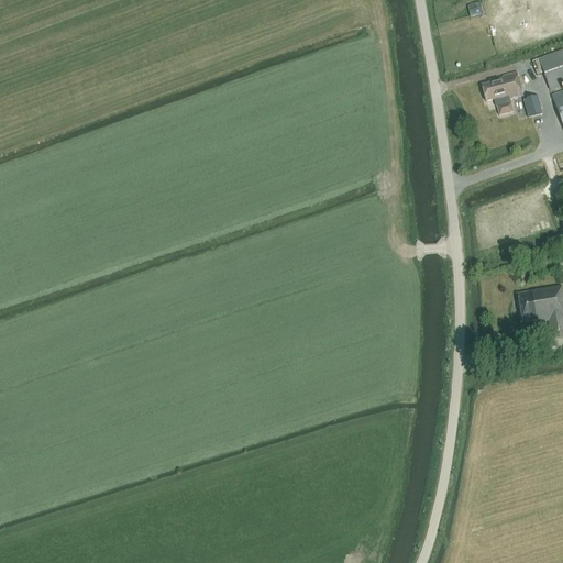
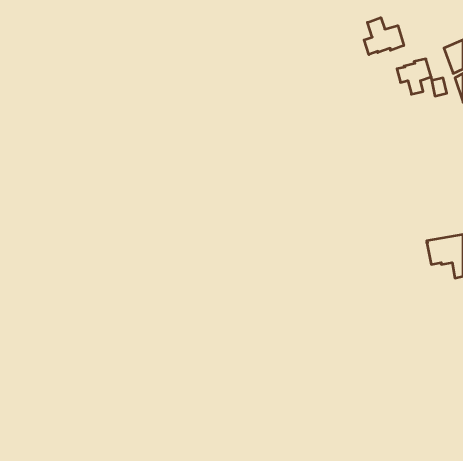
building: none -> [364,18,404,55]

